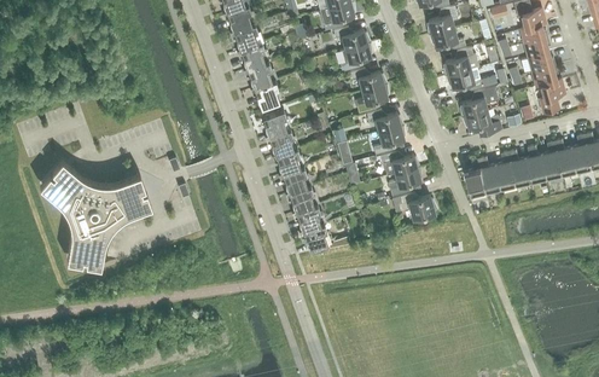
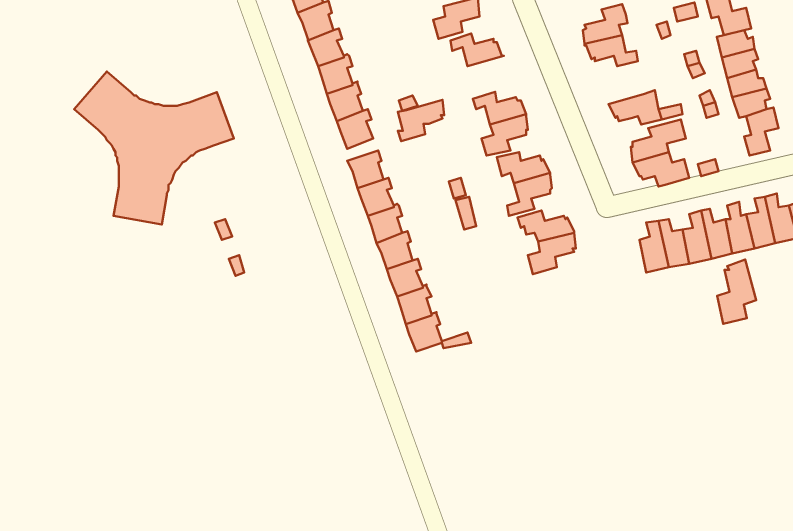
building: [339,41,372,70] -> [398,100,444,141]
building: [443,46,479,75] -> none
building: [39,157,151,265] -> [74,71,234,224]
building: none -> [717,259,756,324]
building: [392,191,437,220] -> none

